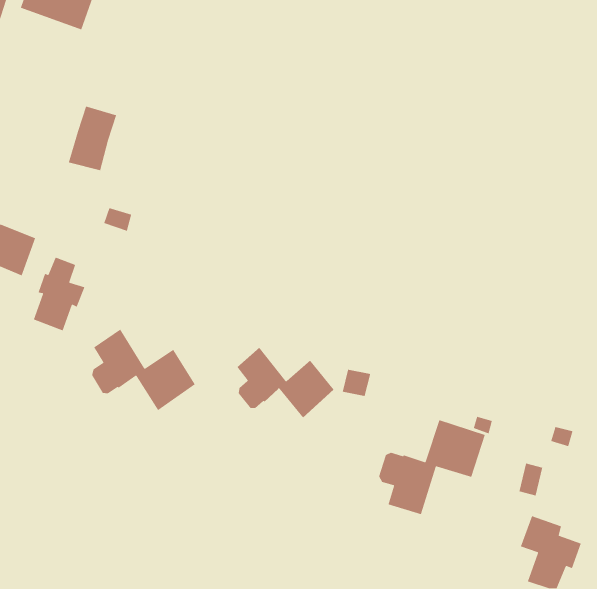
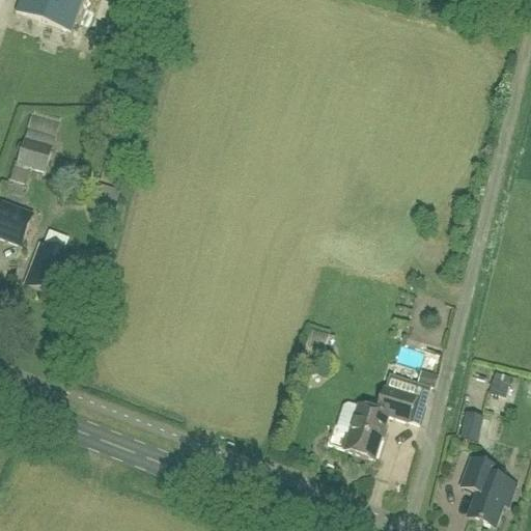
building: [68,105,117,171] -> [15,111,58,169]
building: [91,328,196,411] -> none
building: [236,347,335,418] -> none

